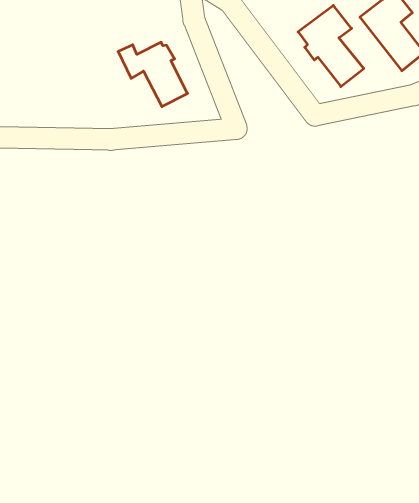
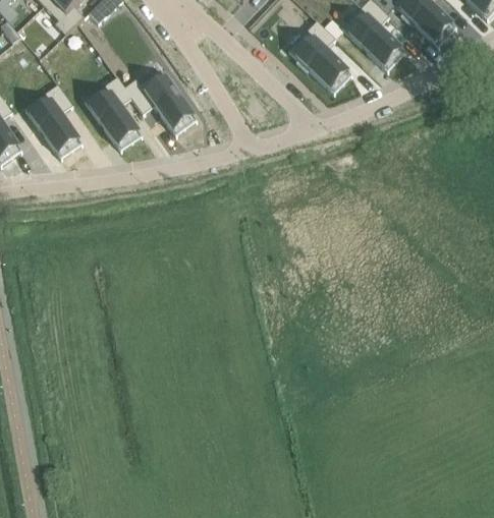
building: none -> [29,79,81,154]
building: none -> [89,71,141,146]

